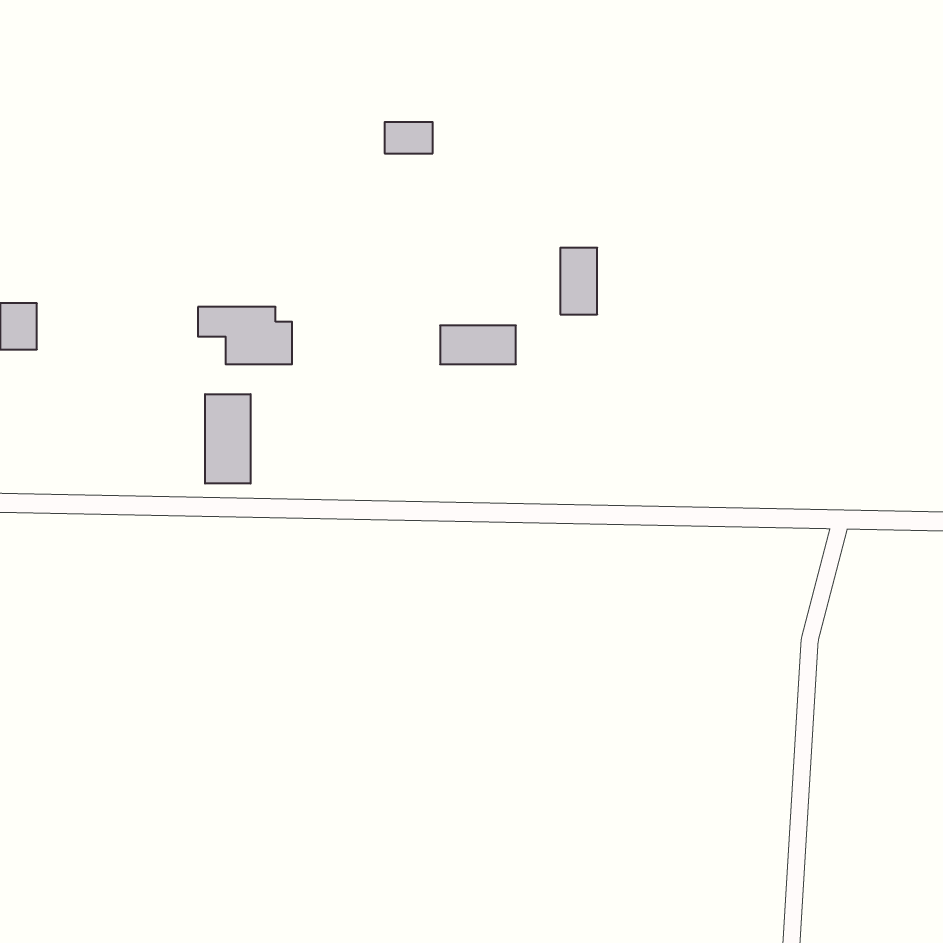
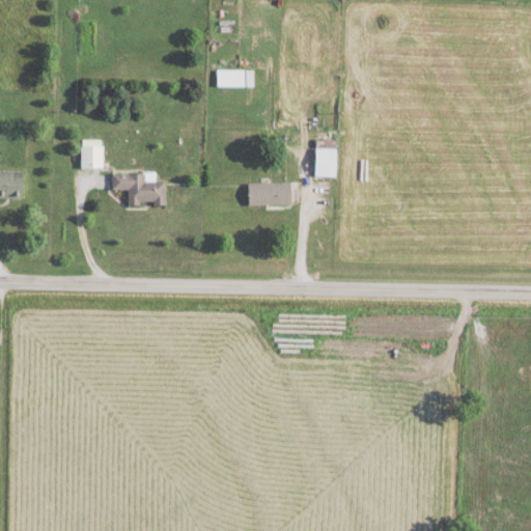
building: none -> [81,145,104,168]
building: [205,394,251,484] -> none

